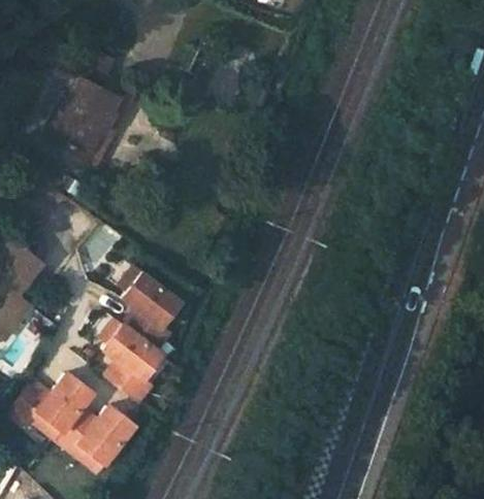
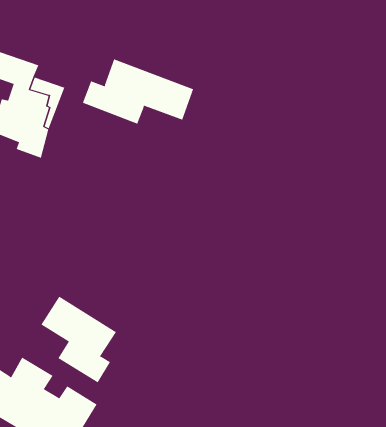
building: none -> [82,58,194,125]
building: [108,265,183,335] -> none

